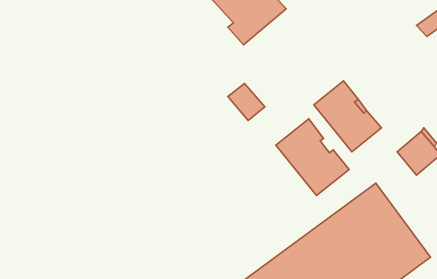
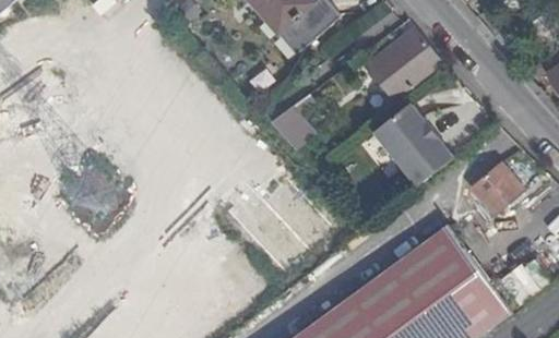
building: none -> [366,28,441,101]
building: [276,119,349,195] -> none

